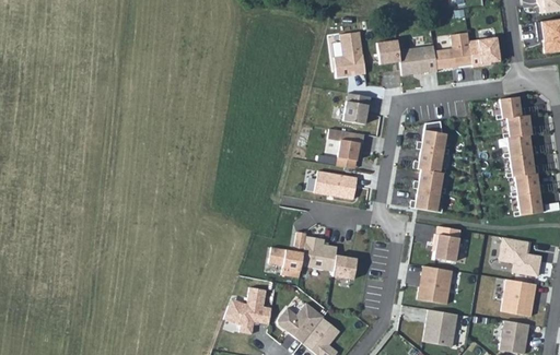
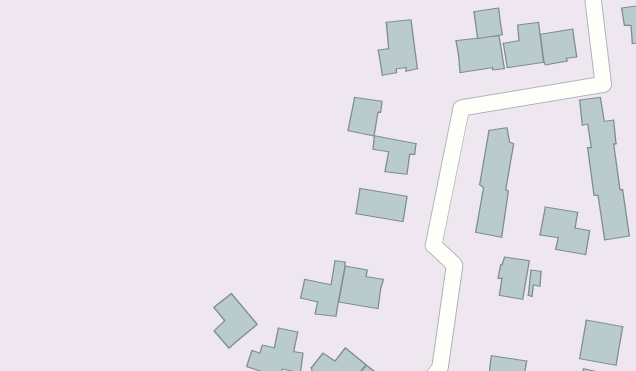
building: [376,38,400,63] -> [474,8,503,38]
building: [343,92,372,123] -> [348,98,382,136]
building: [499,237,540,276] -> [540,207,590,255]
building: [332,253,357,279] -> none
building: none -> [214,293,257,348]
building: [417,267,452,305] -> none

